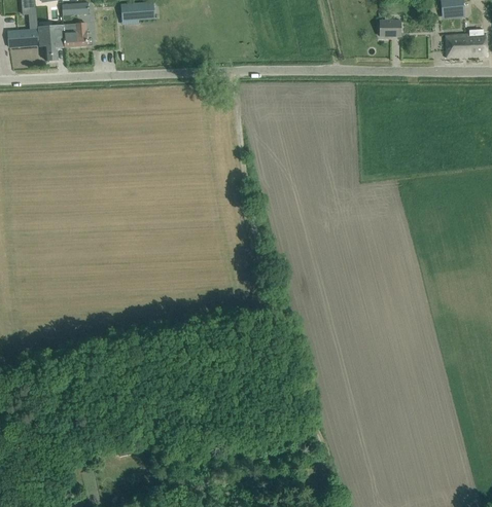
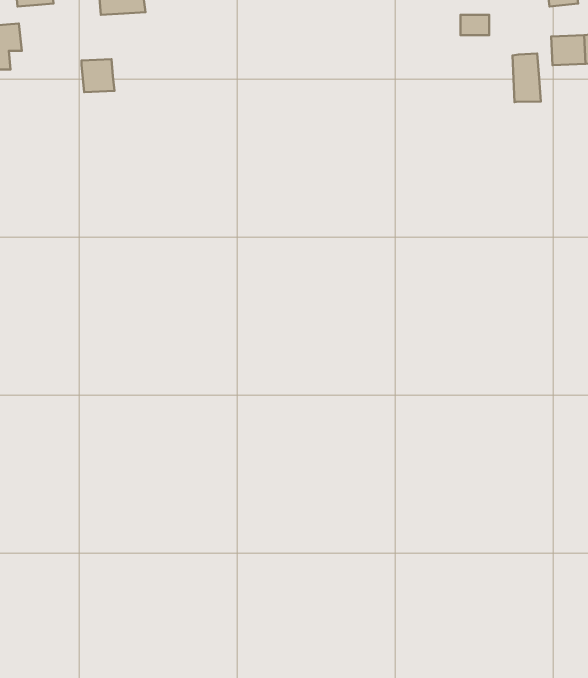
building: [63,23,86,46] -> [81,59,114,92]
building: none -> [513,53,541,102]

